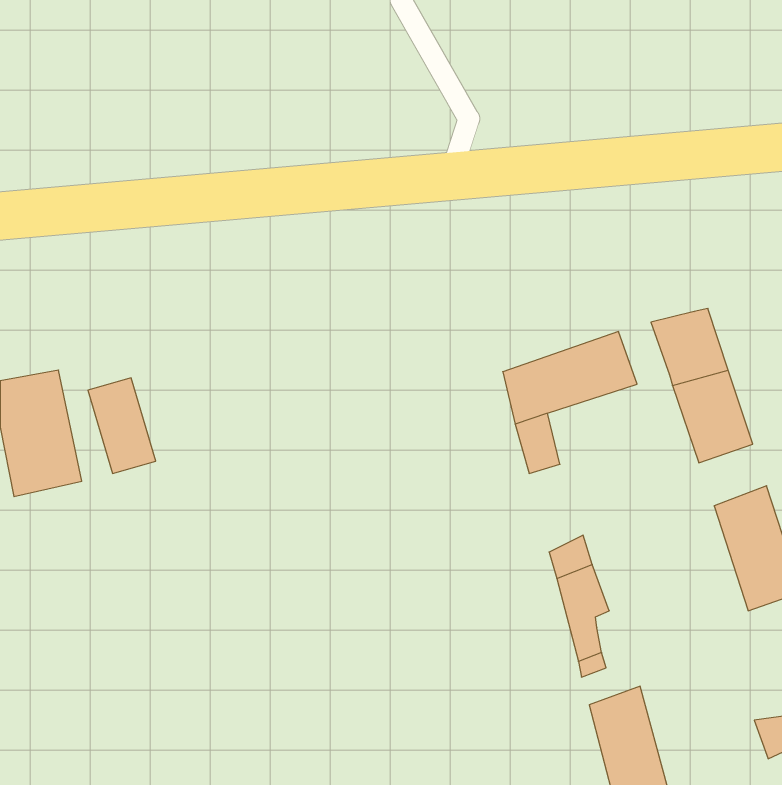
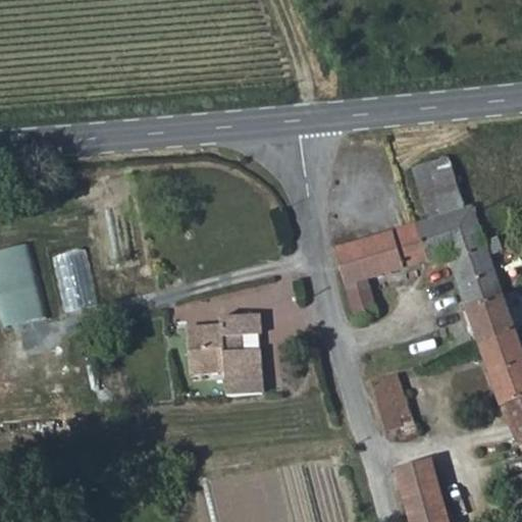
building: none -> [413,157,463,256]
building: none -> [466,296,511,336]
building: none -> [187,309,263,393]

